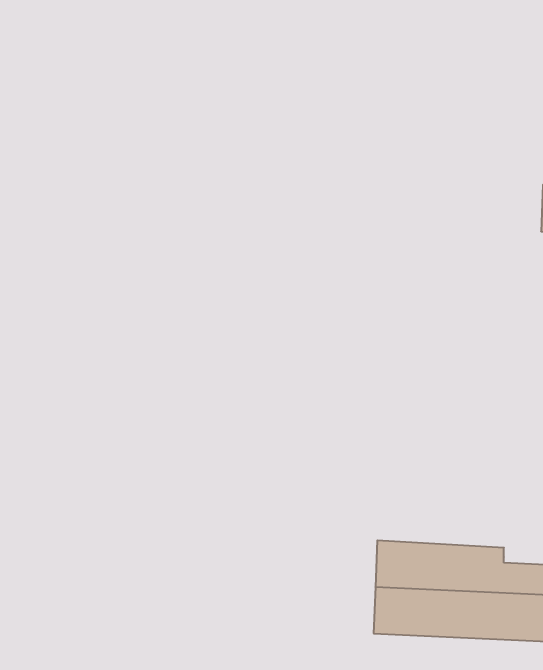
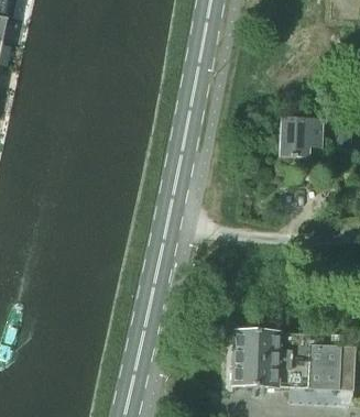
building: none -> [279,118,320,157]

